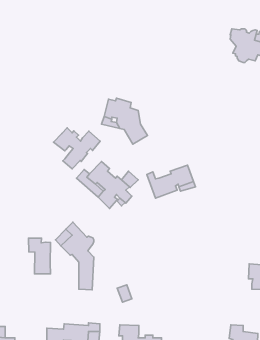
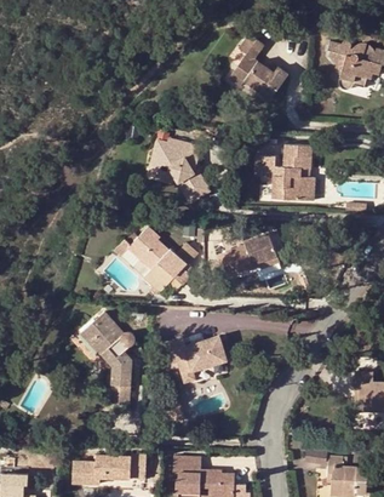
building: none -> [228,33,287,99]
building: none -> [253,145,310,202]
building: [54,128,100,169] -> none
building: [29,238,50,274] -> none
building: none -> [168,337,231,384]

